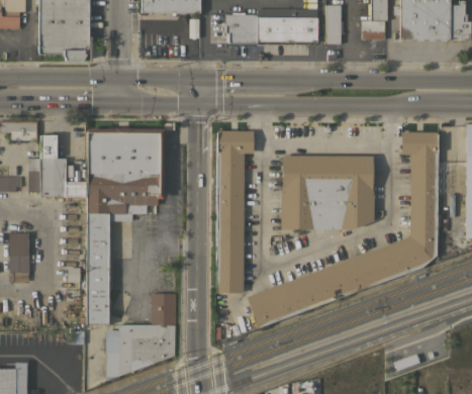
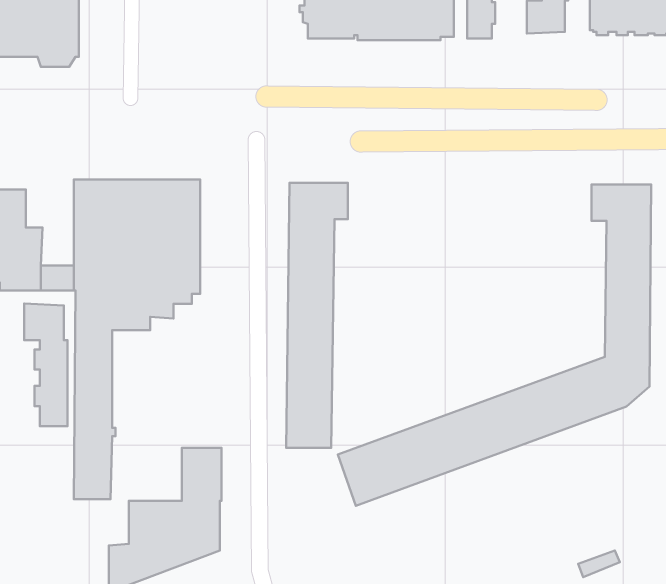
building: [280,156,373,229] -> none
building: none -> [24,304,67,426]

